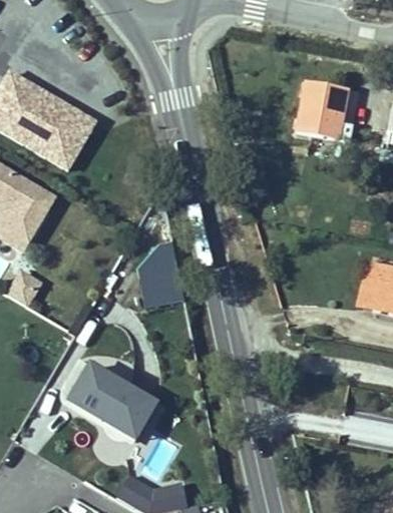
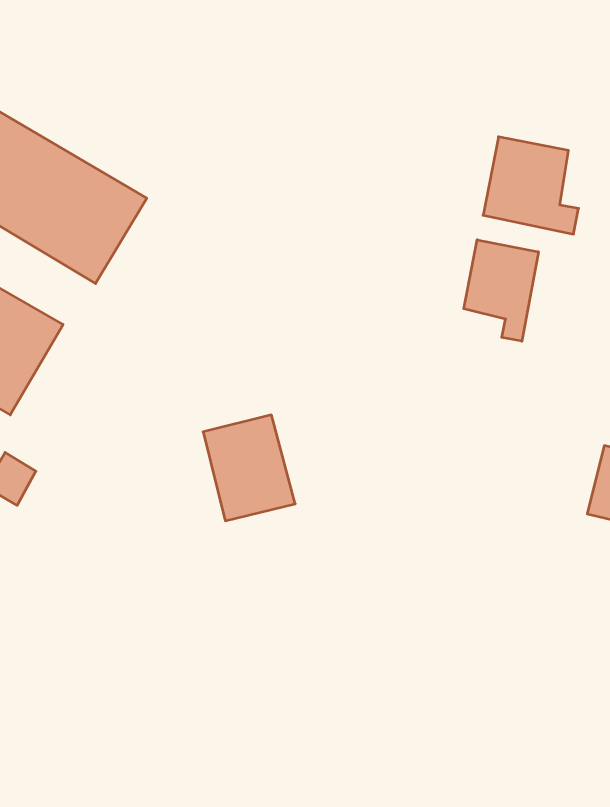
building: none -> [464,240,538,341]
building: [52,354,144,432] -> none

